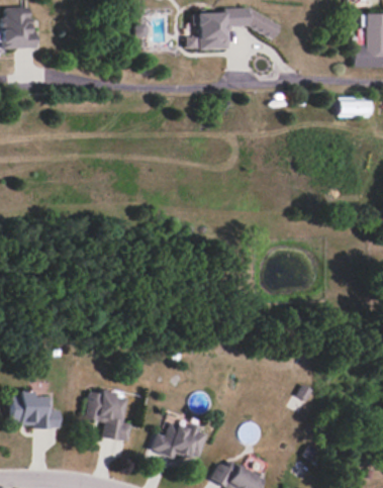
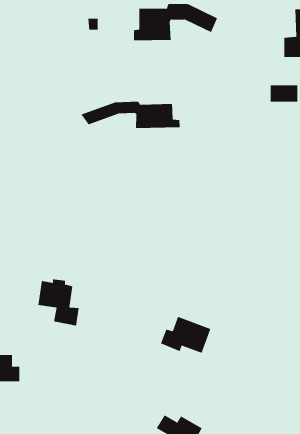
building: none -> [81,101,180,129]
building: [86,390,132,443] -> [38,279,79,326]
building: [152,419,208,461] -> [160,316,211,354]

